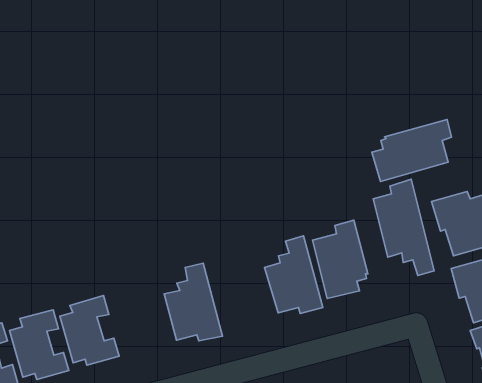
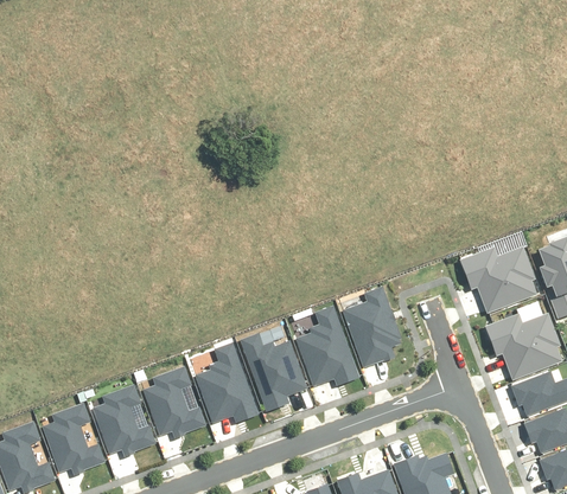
building: [372,119,451,182] -> none
building: [373,179,434,276] -> none
building: none -> [238,333,307,411]
building: none -> [141,365,205,437]

